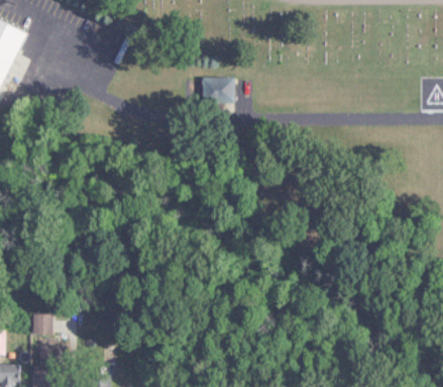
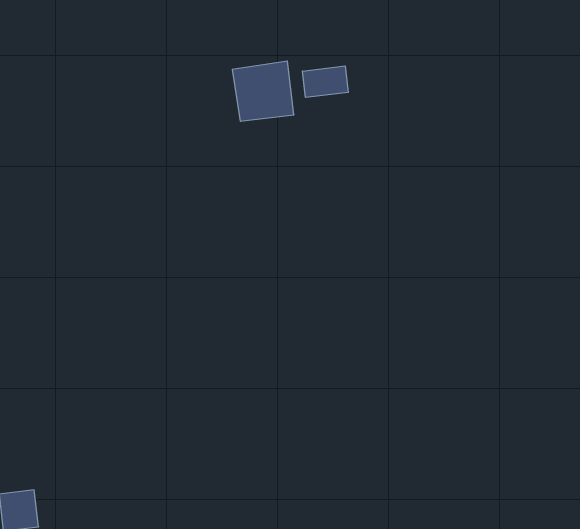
building: none -> [302,66,348,97]

